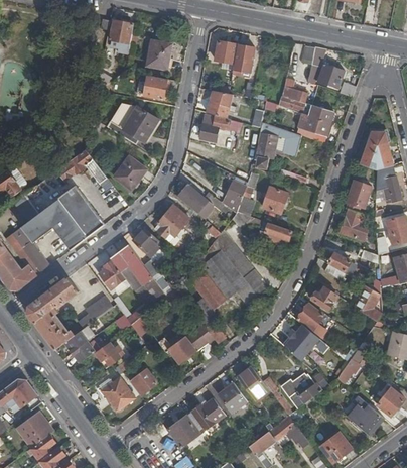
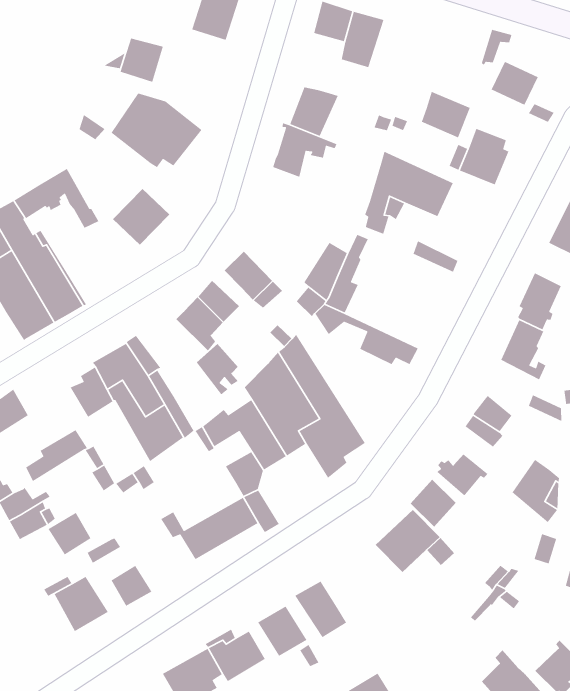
building: [143,76,166,100] -> [120,37,164,83]
building: [262,186,287,212] -> none
building: [133,227,158,256] -> [196,343,239,396]
building: [279,372,327,410] -> none

